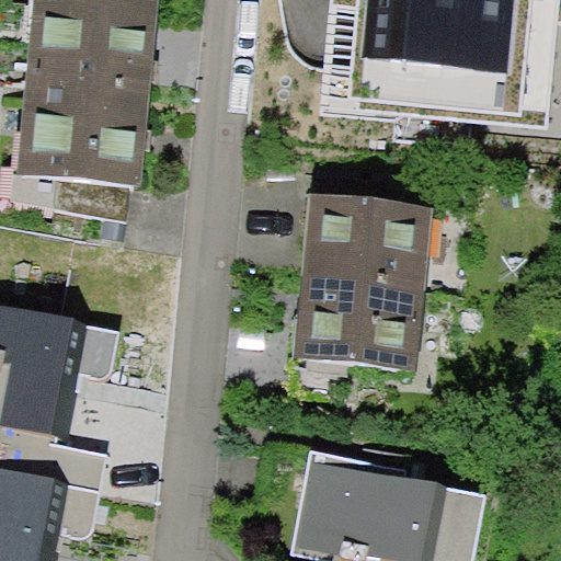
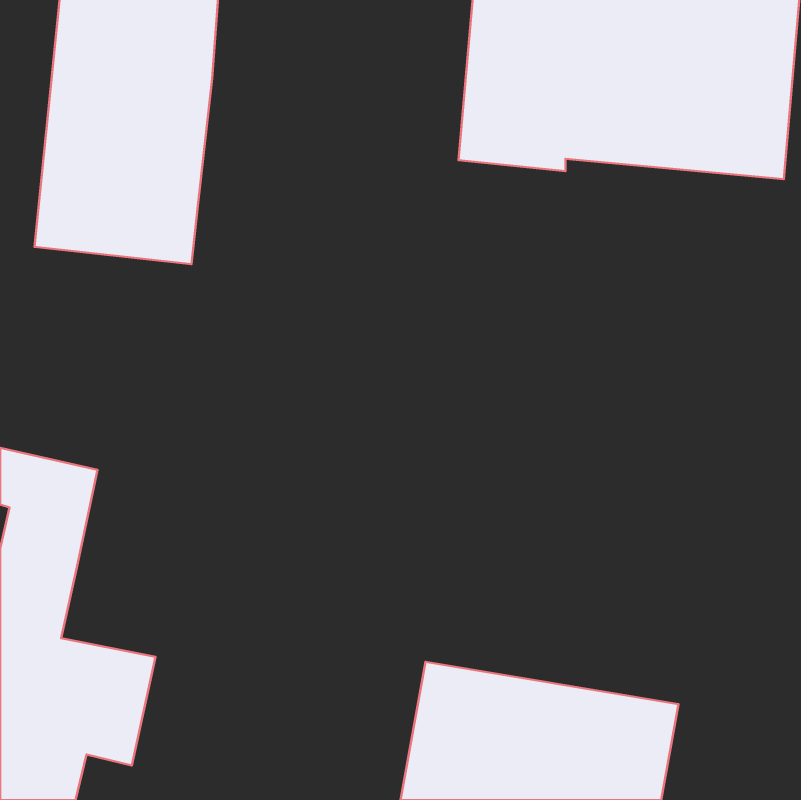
building: [294,191,435,367] -> none

